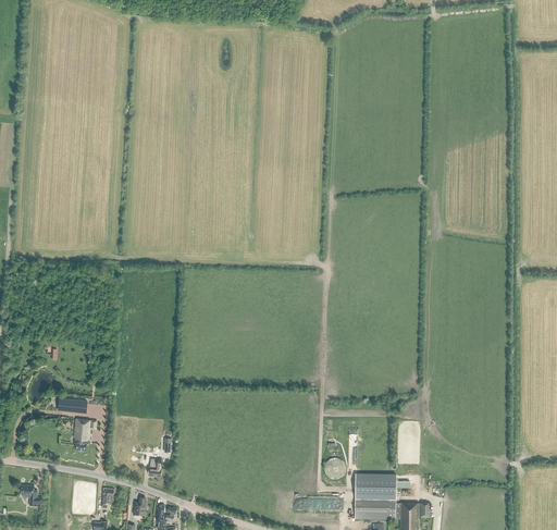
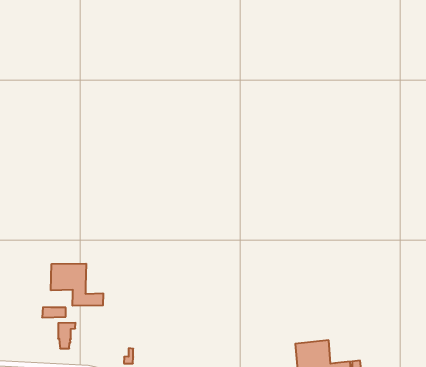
building: none -> [51,264,103,306]

